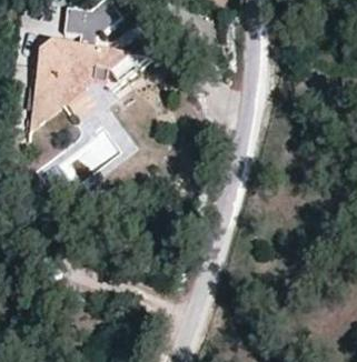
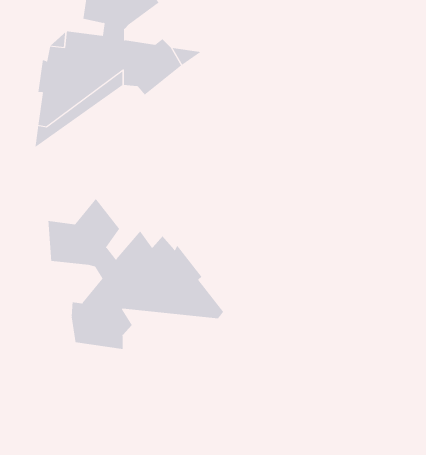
building: none -> [48,198,224,350]

